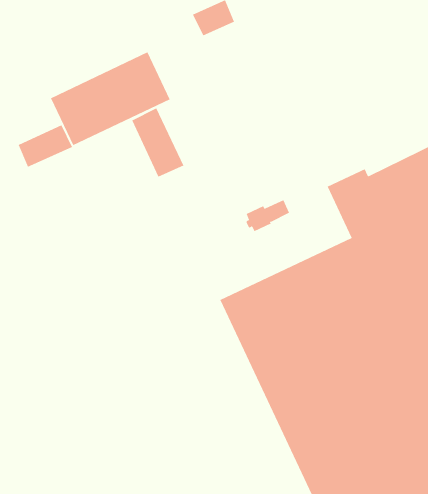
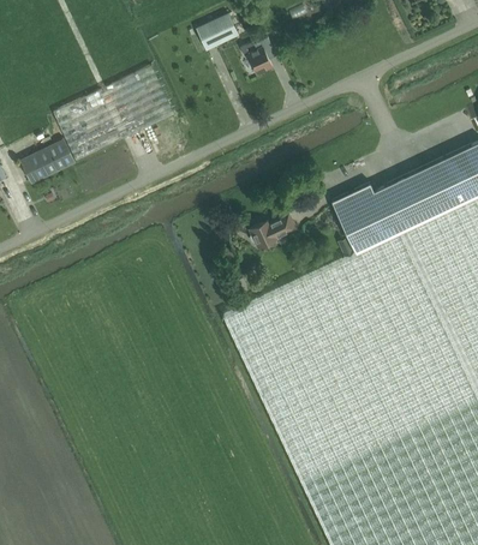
building: none -> [240,37,274,74]
building: [131,108,184,177] -> none

